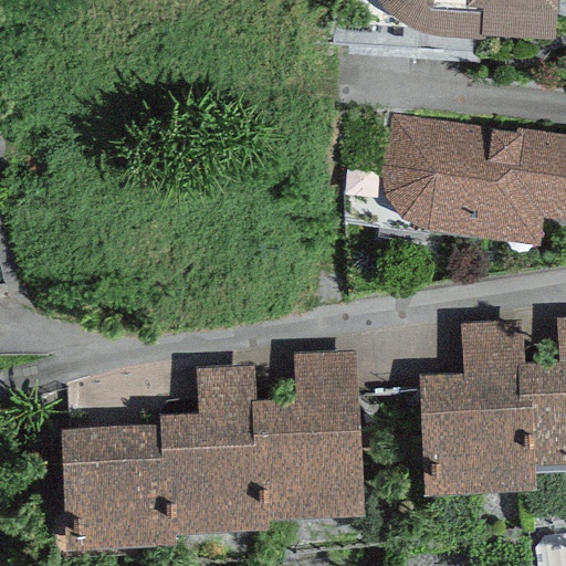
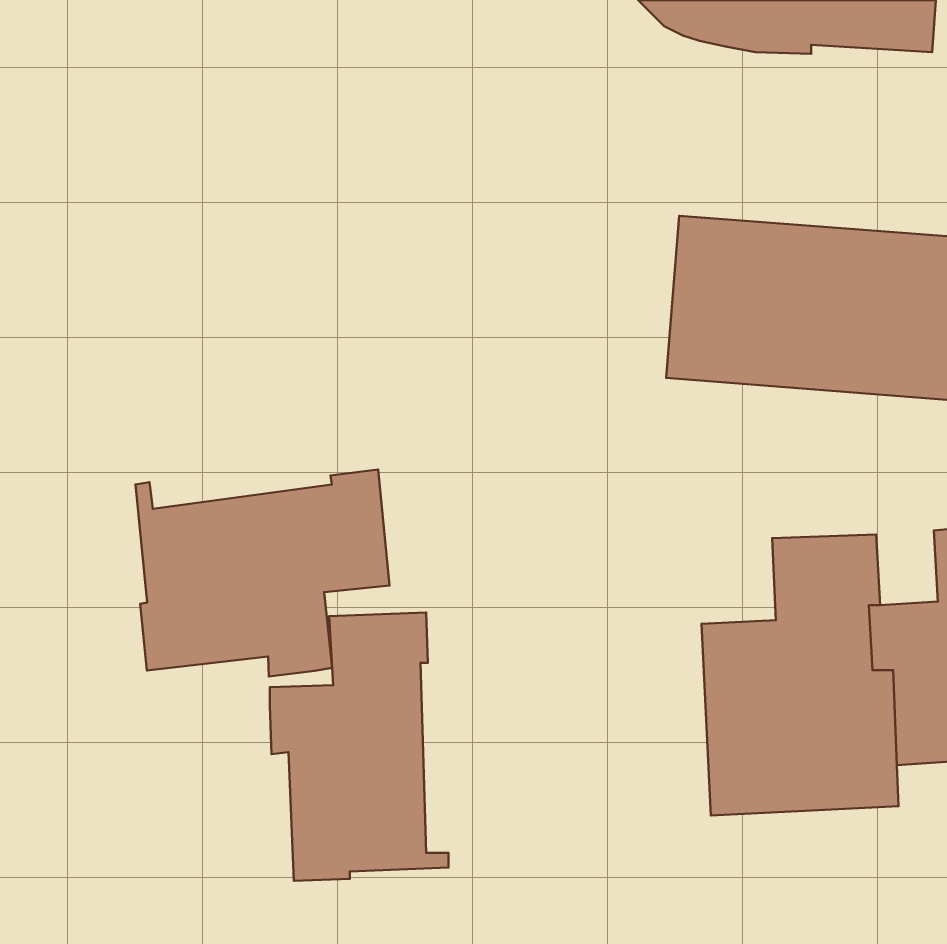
building: none -> [135,470,389,677]
building: [252,353,364,511] -> none
building: [61,423,178,541] -> none

